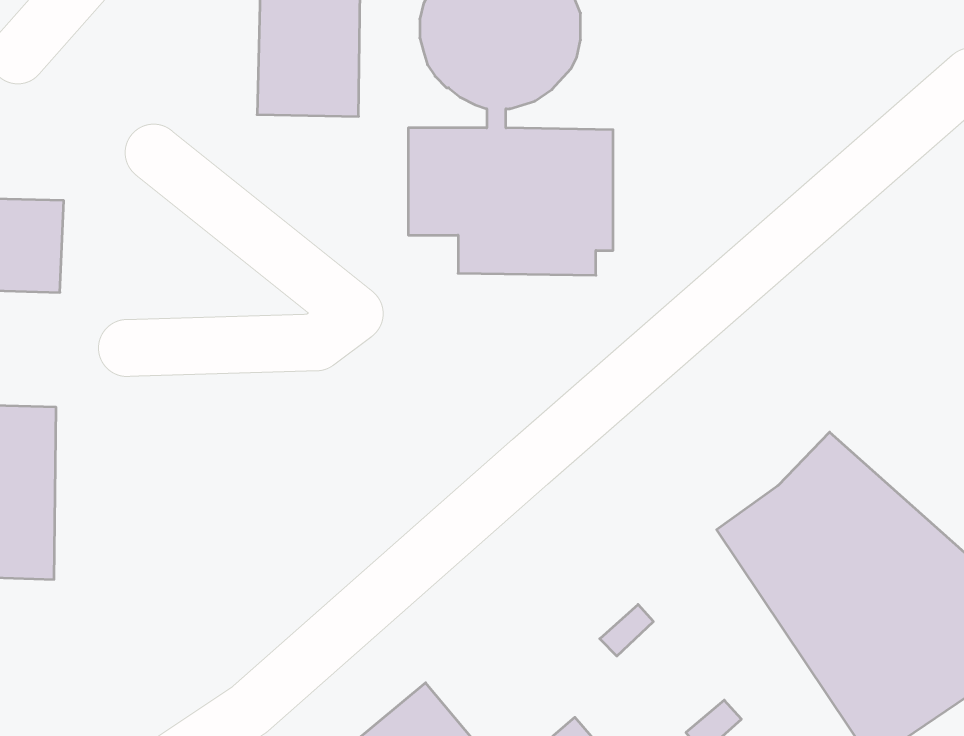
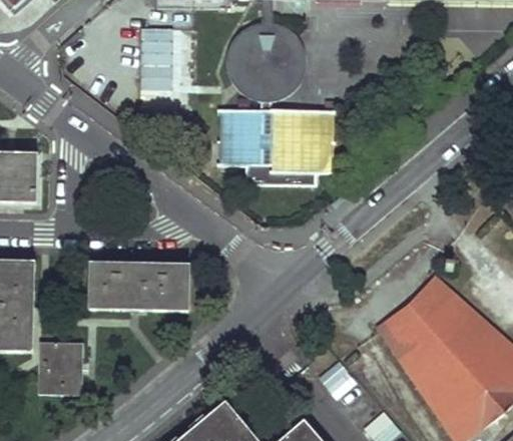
building: none -> [89,262,190,310]
building: none -> [38,340,80,391]

